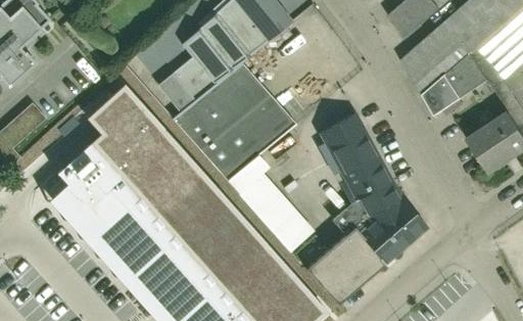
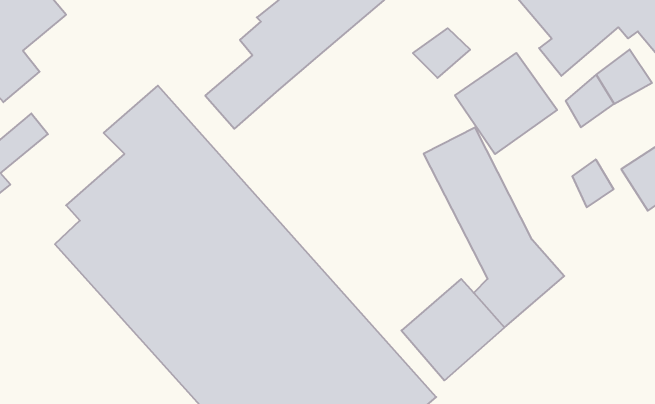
building: none -> [413,28,470,78]
building: none -> [455,53,557,154]
building: [175,62,318,254] -> none
building: none -> [572,159,614,207]

